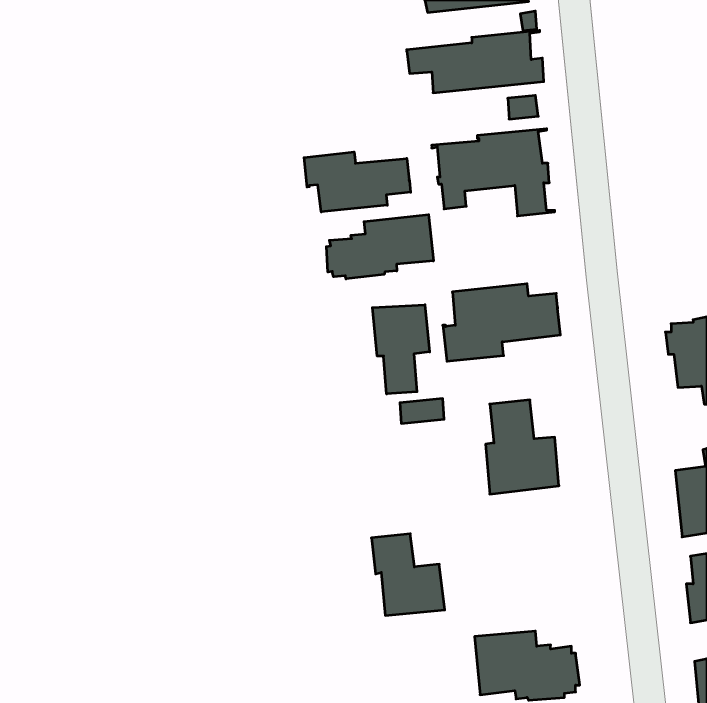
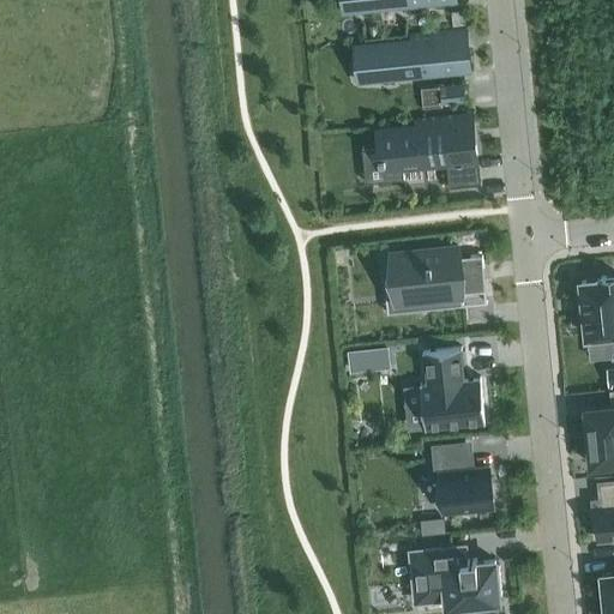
building: [304,152,411,212] -> none
building: [326,215,433,279] -> none
building: [372,305,430,394] -> none
building: [371,534,445,615] -> [431,444,494,514]

